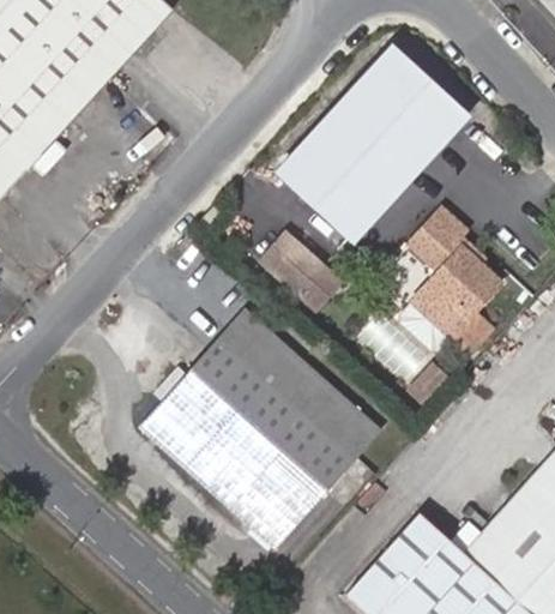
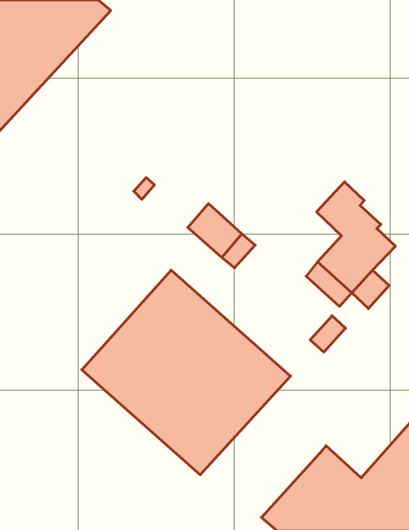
building: [272,41,473,246] -> none

